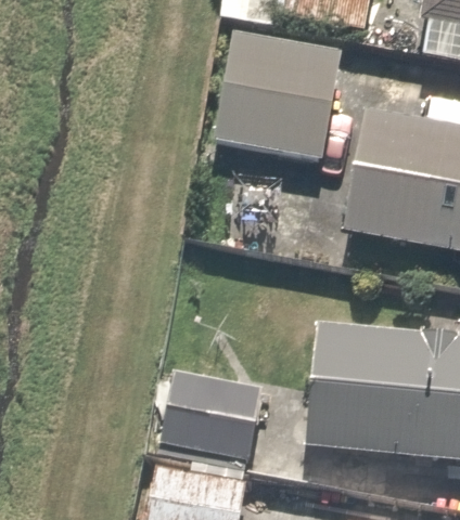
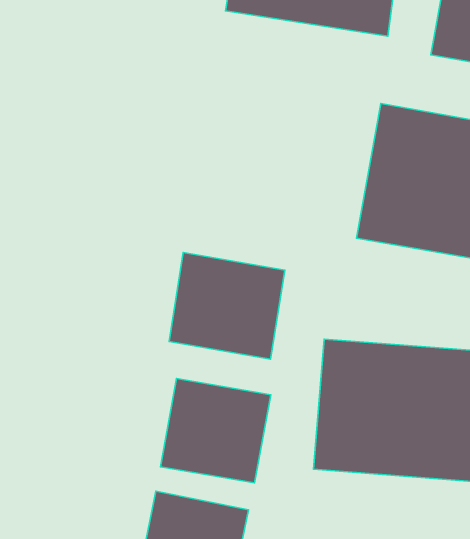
building: [217,42,340,152] -> none
building: none -> [169,253,285,359]

